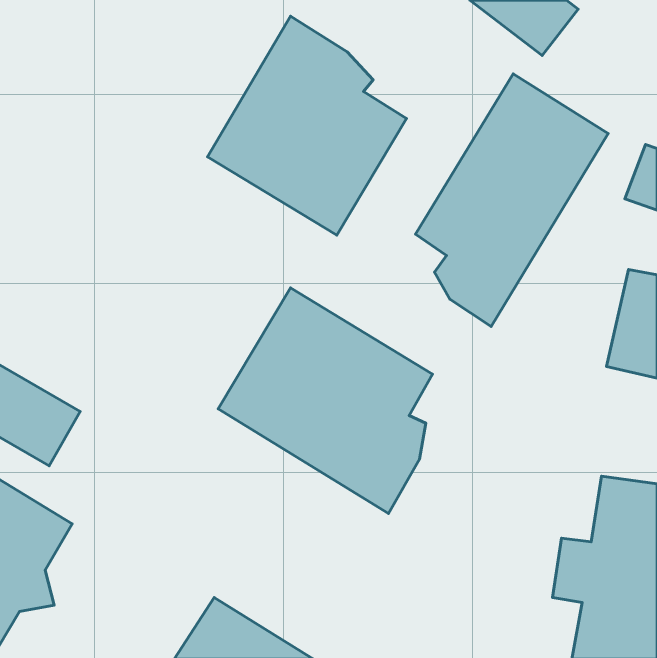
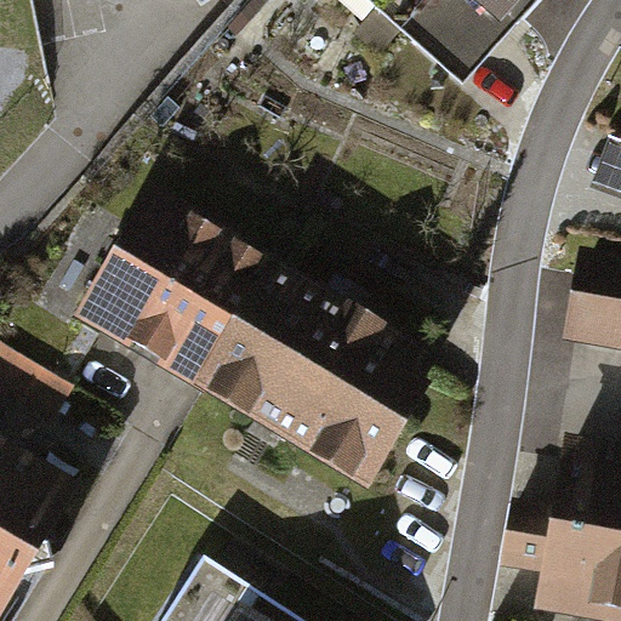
building: [208,16,407,235] -> none
building: [415,74,608,327] -> none
building: none -> [85,199,273,386]

